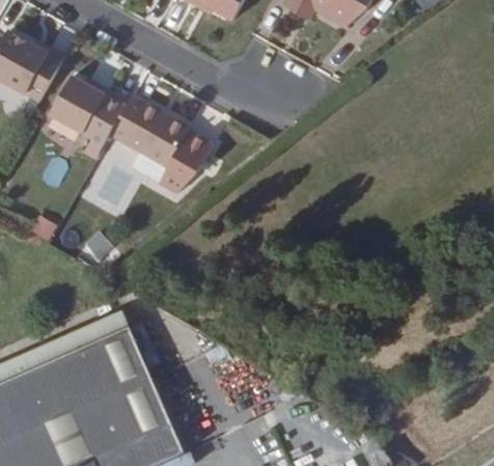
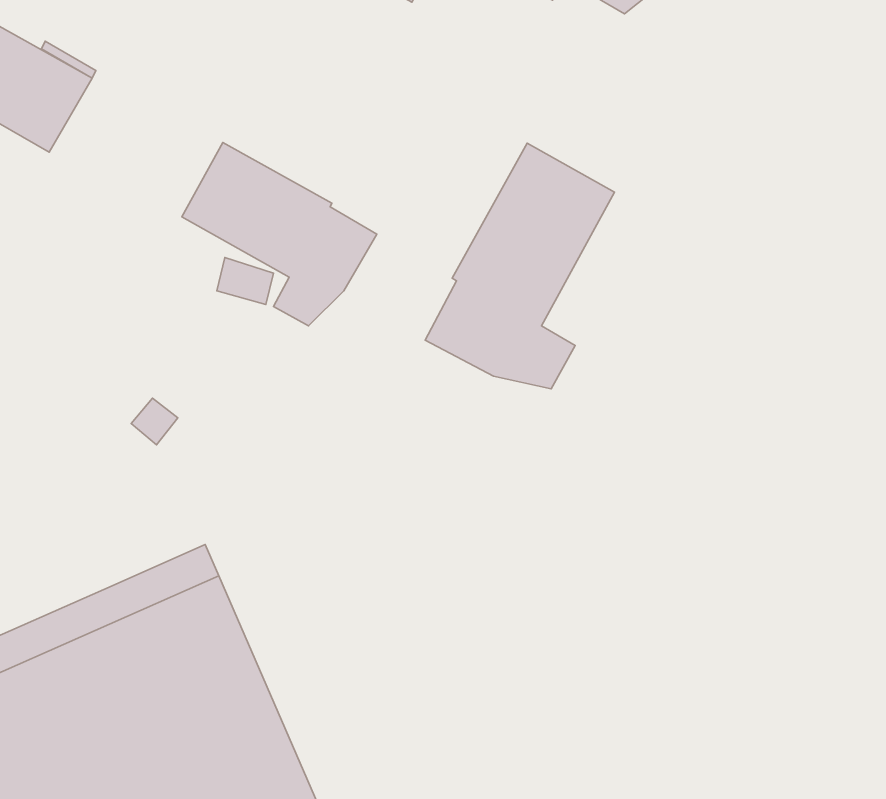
building: [49,76,127,145] -> none
building: none -> [425,143,615,389]

